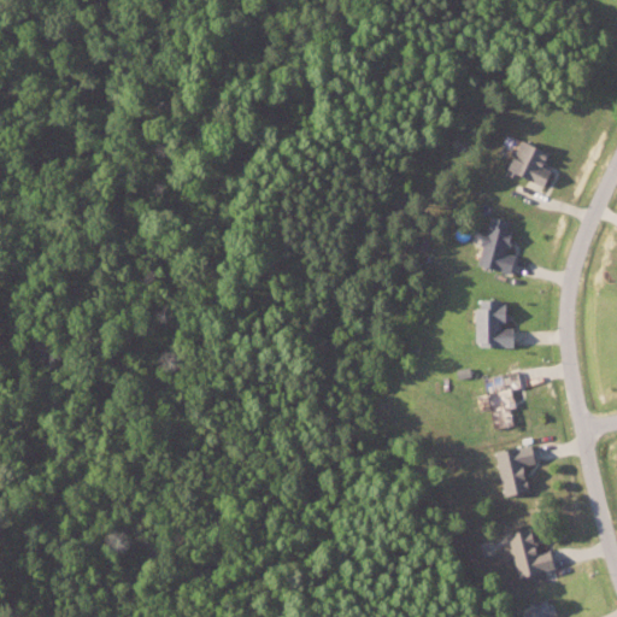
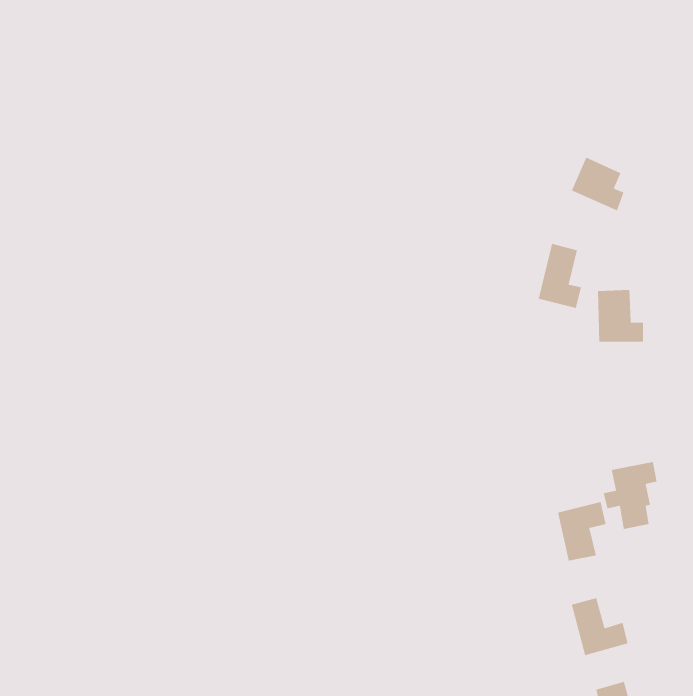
building: [477,301,518,348] -> [597,289,644,343]
building: [477,371,525,431] -> [603,461,658,530]

